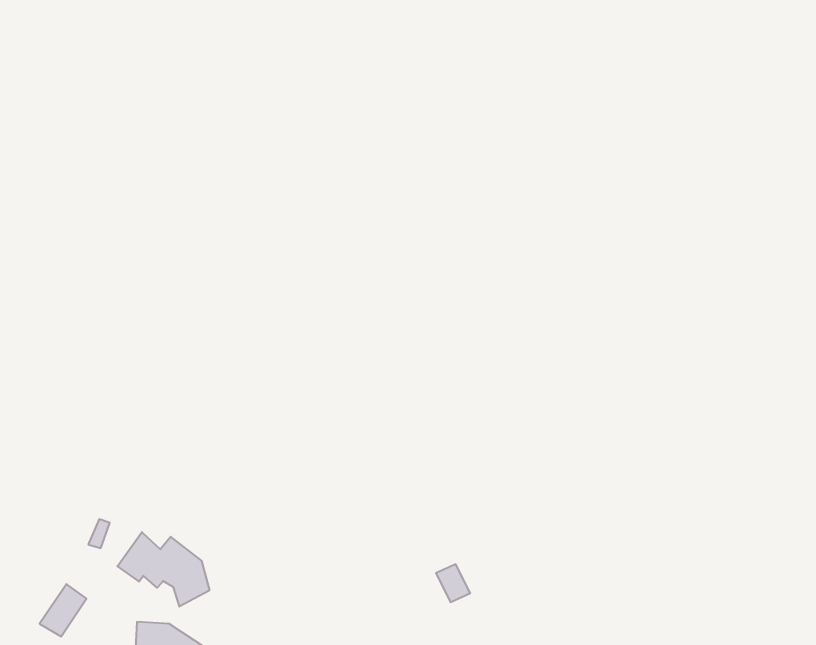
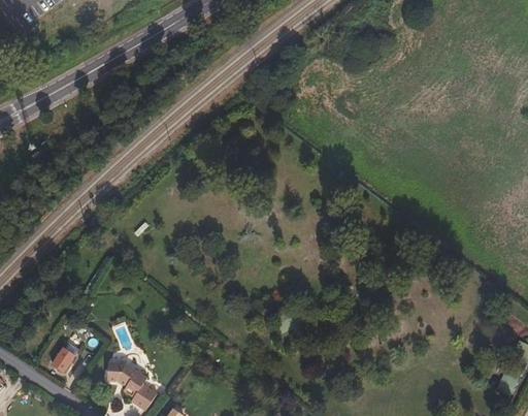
building: [117,532,209,607] -> none

